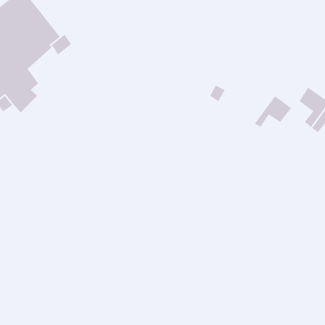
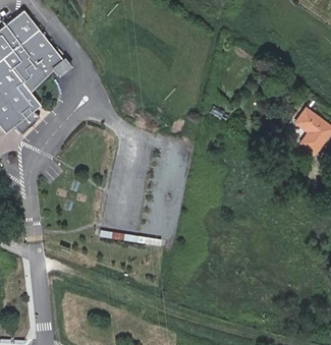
building: [254,95,292,128] -> none

